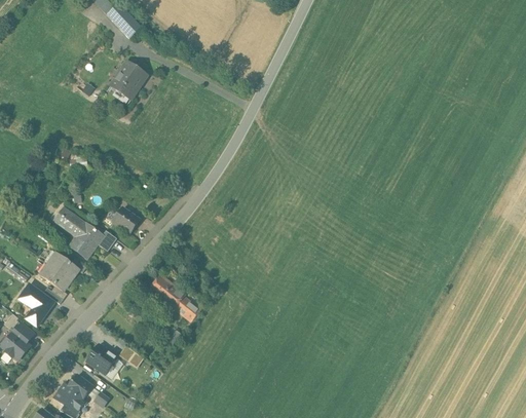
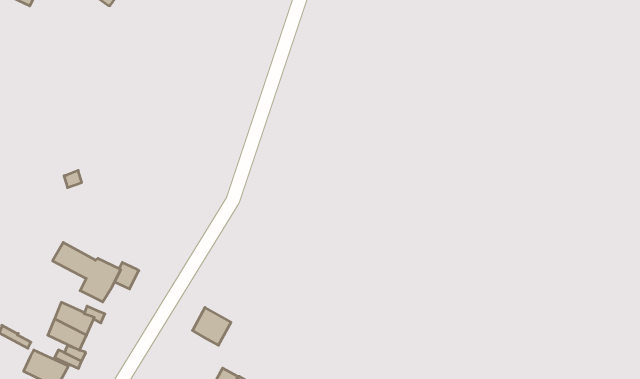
building: [111,61,147,99] -> none
building: [112,206,139,233] -> none
building: [166,289,200,321] -> none

